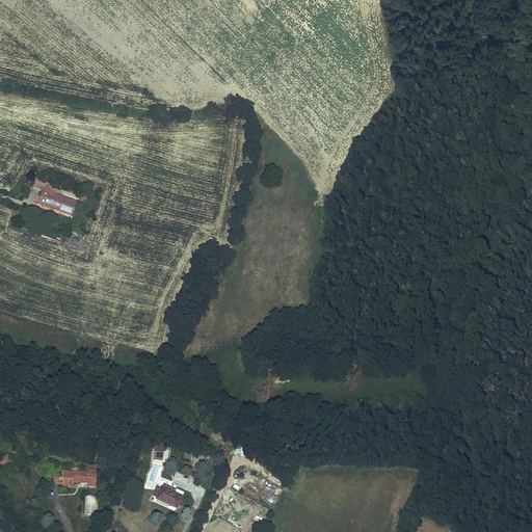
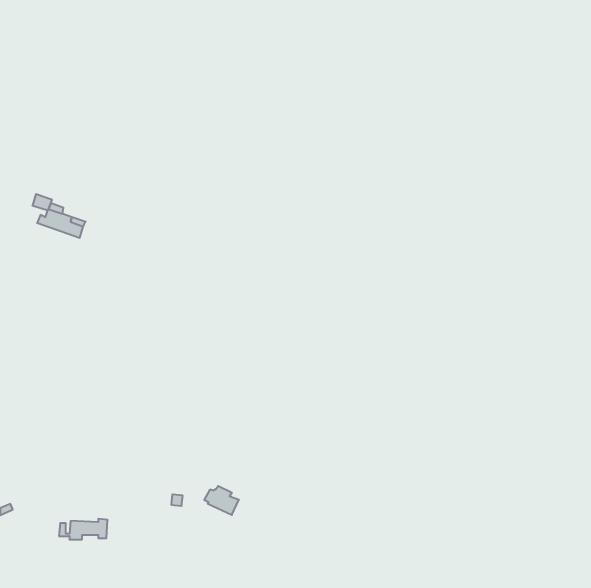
building: [152,481,183,507] -> [204,486,239,515]

